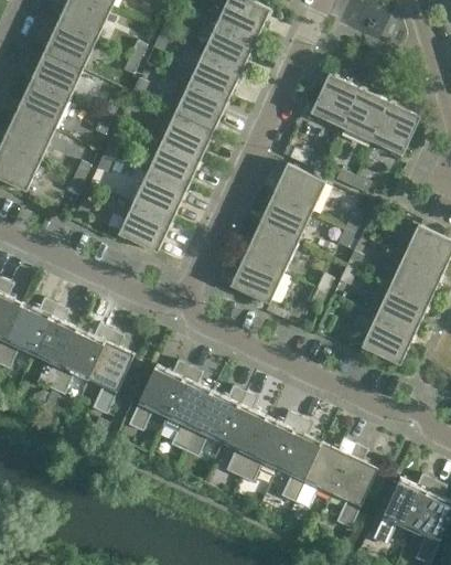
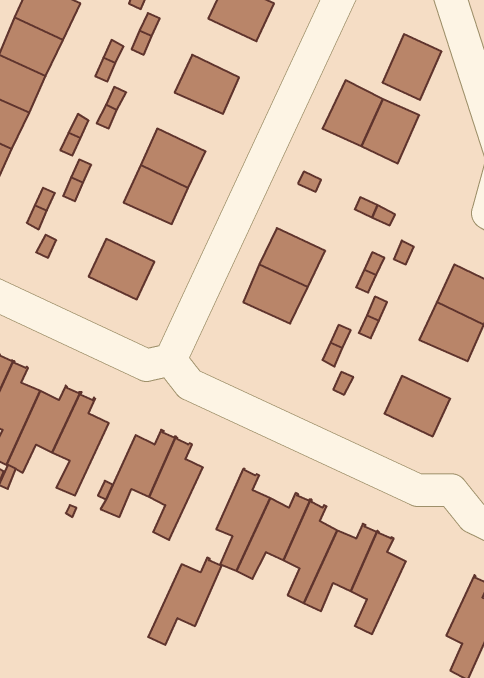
building: [202,22,255,71] -> none
building: [173,83,227,131] -> none
building: [371,102,419,156] -> [382,34,442,100]
building: [271,163,325,213] -> none
building: [131,173,185,222] -> none
building: [228,255,282,303] -> none
building: [374,286,428,334] -> none
building: [183,385,244,457] -> [148,558,222,645]
building: [372,473,433,545] -> none

